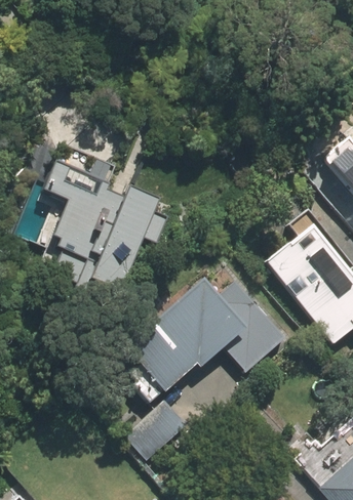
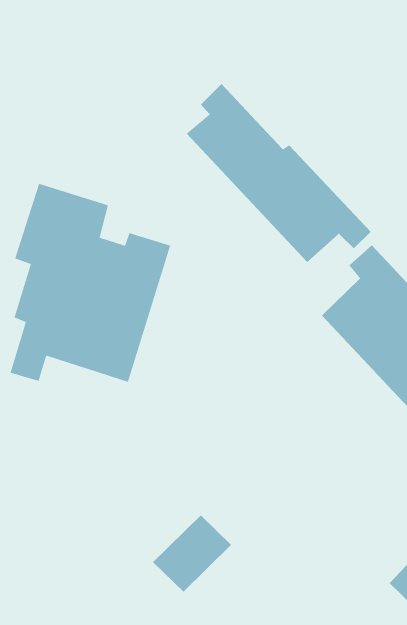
building: none -> [186,83,372,263]
building: [127,279,284,401] -> none

